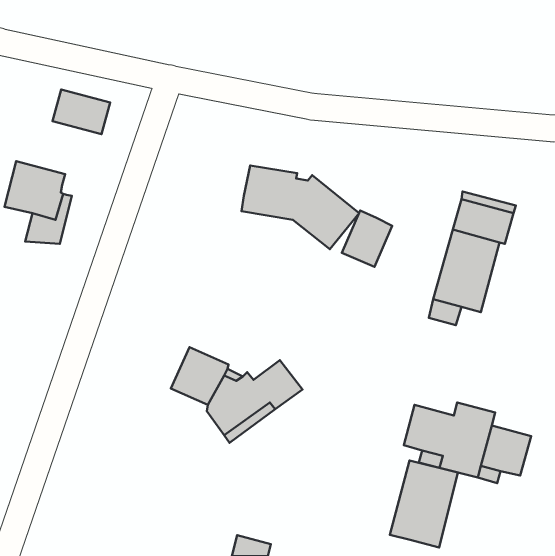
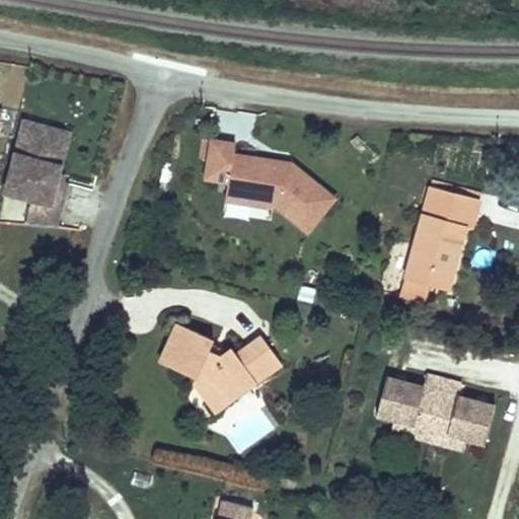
building: [53,90,110,134] -> [15,121,69,162]
building: none -> [199,139,235,182]
building: [342,211,392,267] -> none
building: [390,460,458,548] -> none

